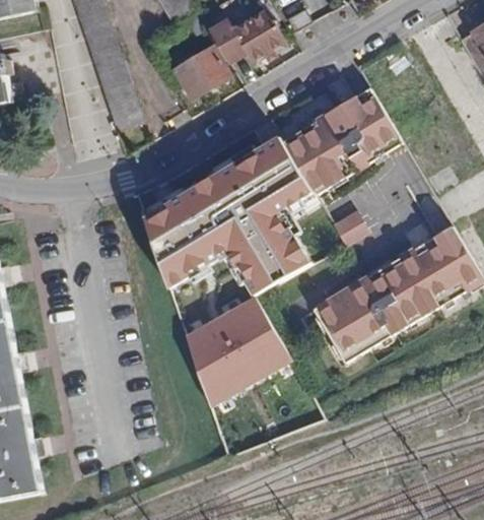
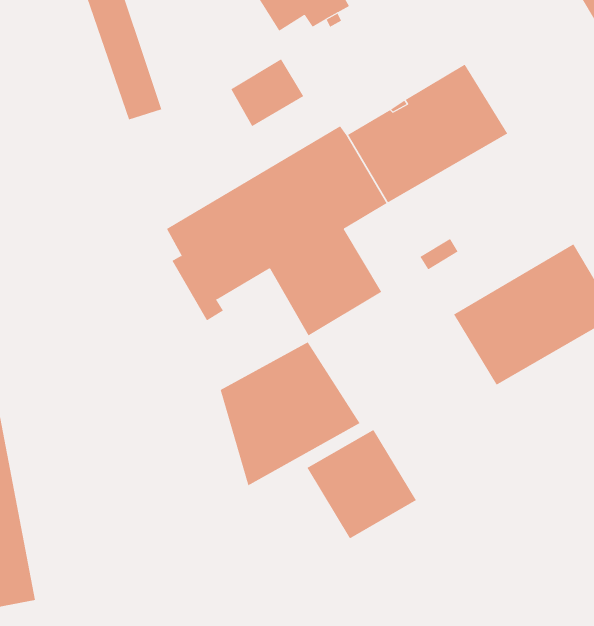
building: [174,46,229,98] -> [230,58,304,127]
building: [309,277,393,361] -> [307,429,417,539]

